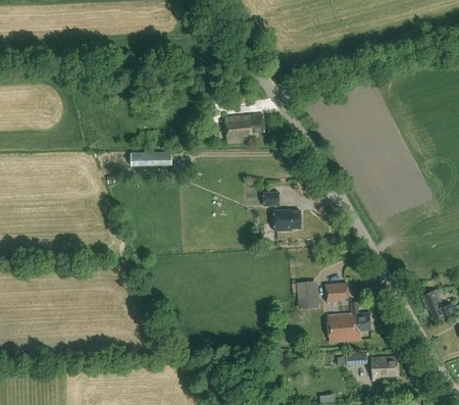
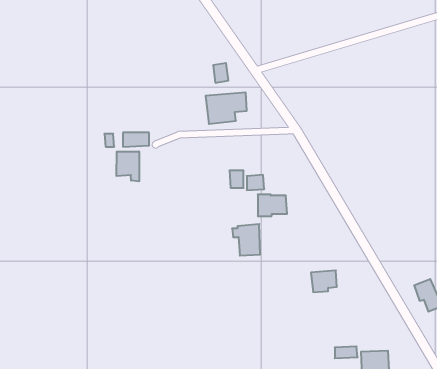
building: none -> [117,151,139,181]
building: [291,280,317,309] -> [232,224,260,256]
building: [327,302,370,343] -> none

